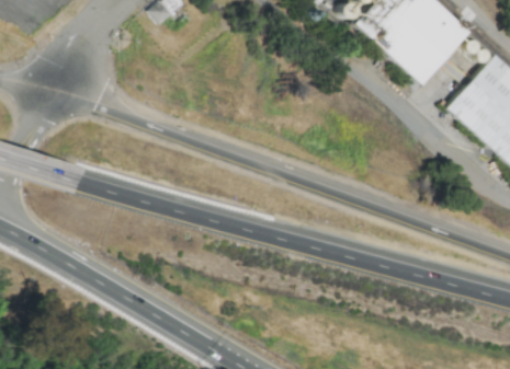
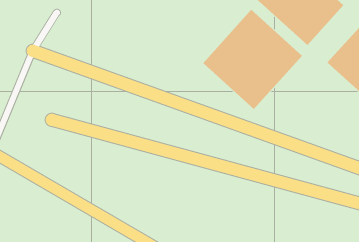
building: none -> [202,9,303,110]

